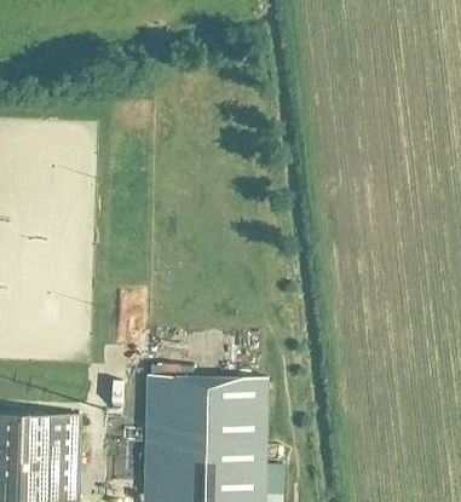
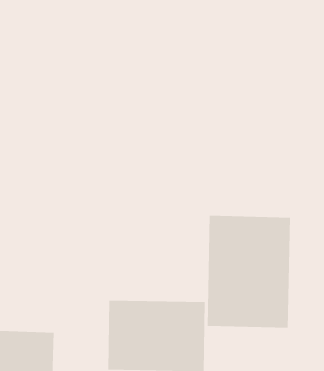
building: none -> [207,215,291,328]

